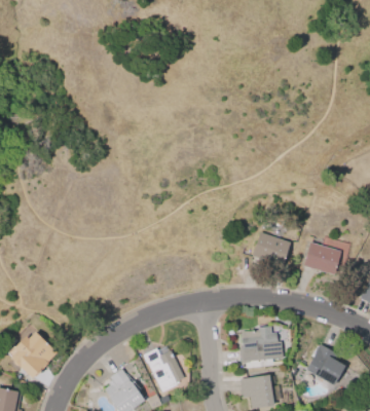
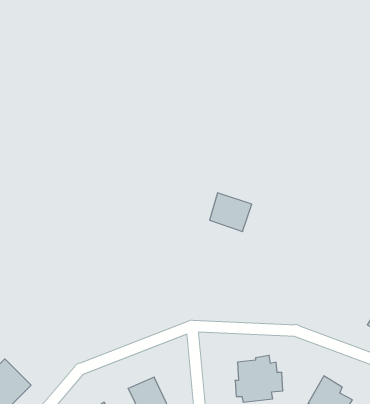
building: [253,232,291,267] -> [210,193,252,232]
building: [303,242,342,275] -> none

